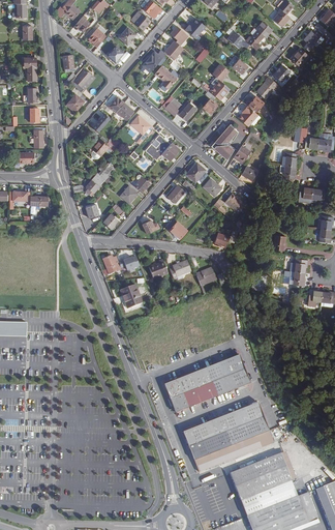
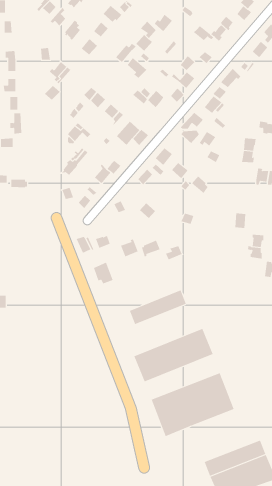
building: none -> [129,290,187,325]
building: [227,450,299,499] -> none

